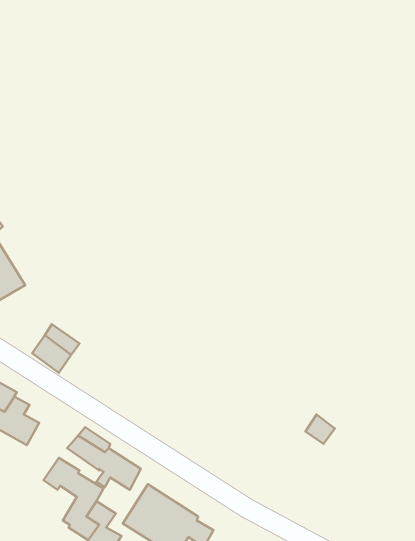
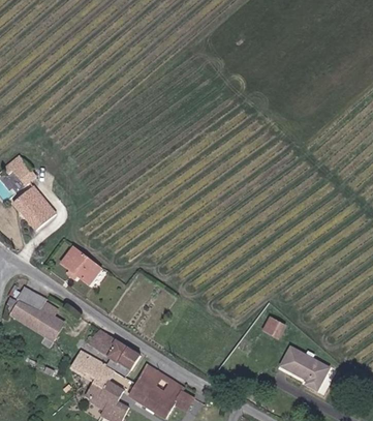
building: none -> [280,347,328,389]

